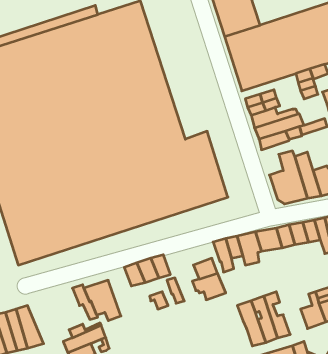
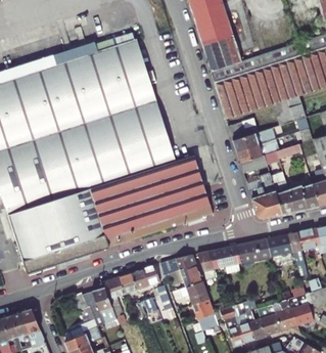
building: none -> [160,254,197,278]
building: none -> [102,275,126,323]
building: none -> [192,298,219,329]
building: none -> [258,305,282,335]

